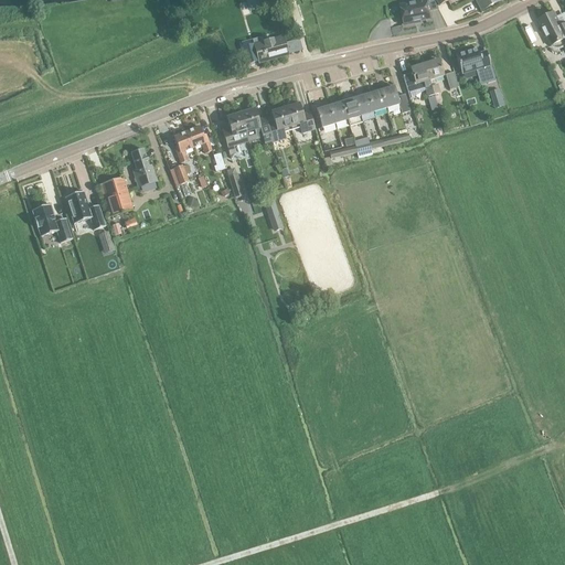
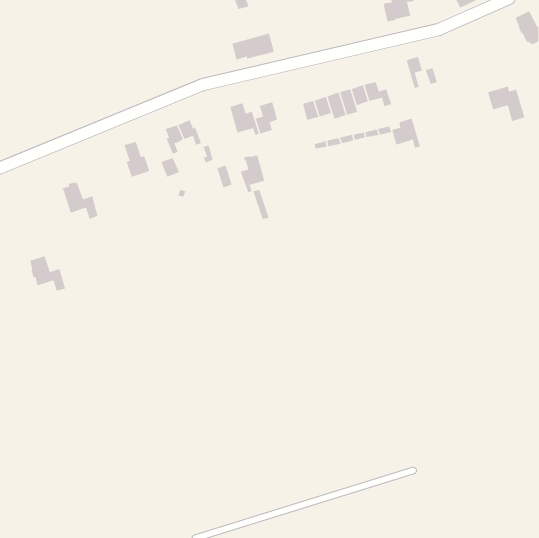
building: [455,46,494,84] -> [487,86,525,122]
building: [402,63,433,98] -> [391,118,421,152]
building: [285,102,315,131] -> none
building: [221,111,247,151] -> [240,154,265,193]
building: [98,175,131,214] -> none
building: [31,204,71,242] -> [28,256,67,292]

